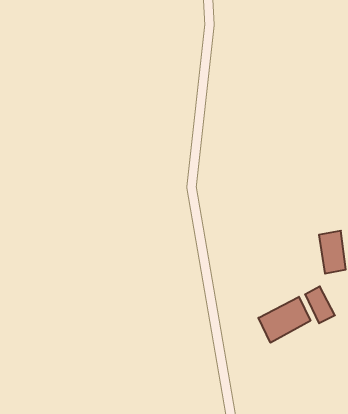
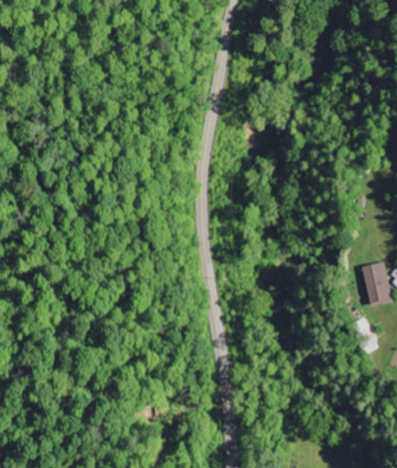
building: [258,297,310,343] -> none

